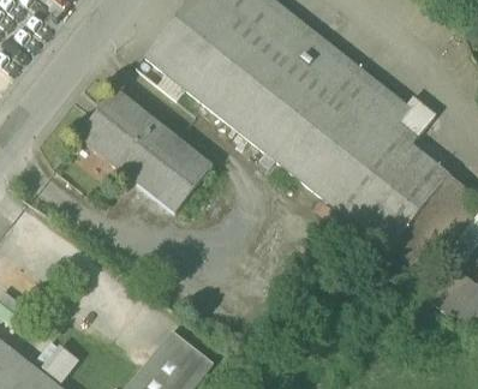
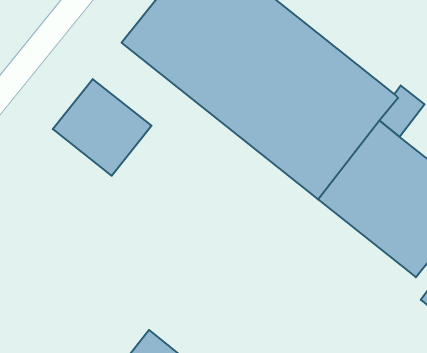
building: [135,134,211,213] -> none

